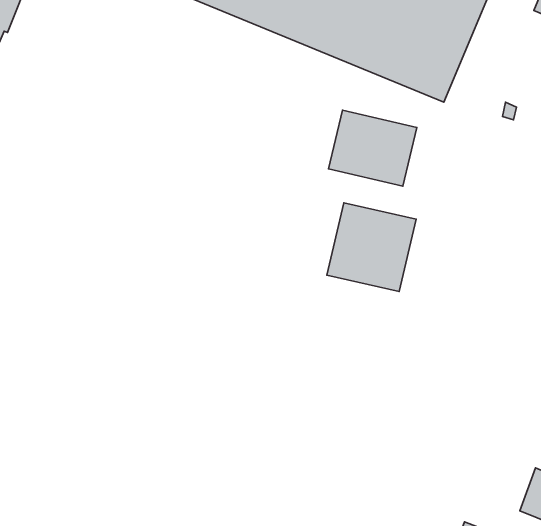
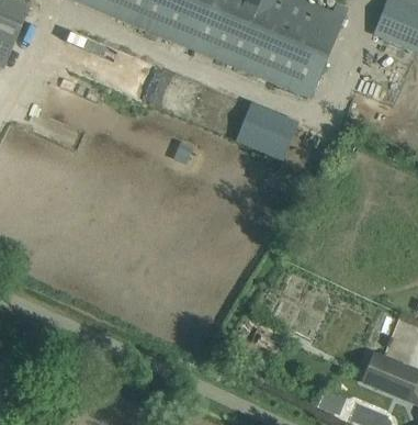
building: [327,203,416,292] -> none

